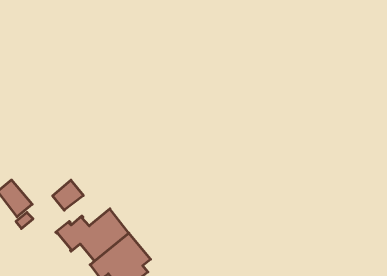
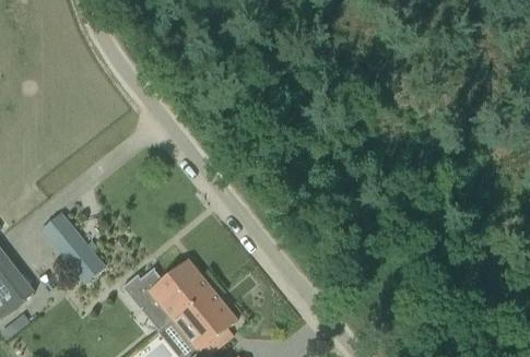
building: [53,180,83,210] -> none

